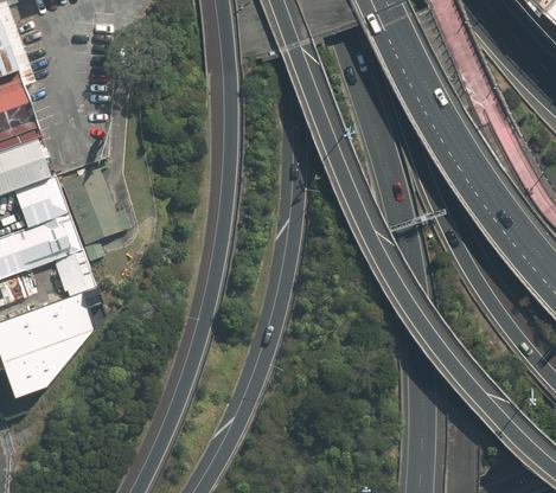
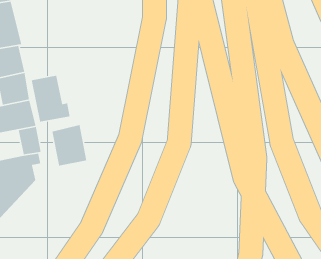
building: none -> [51,124,87,166]

